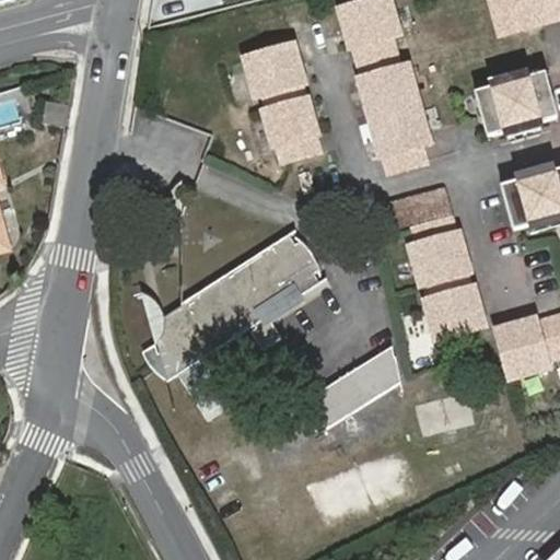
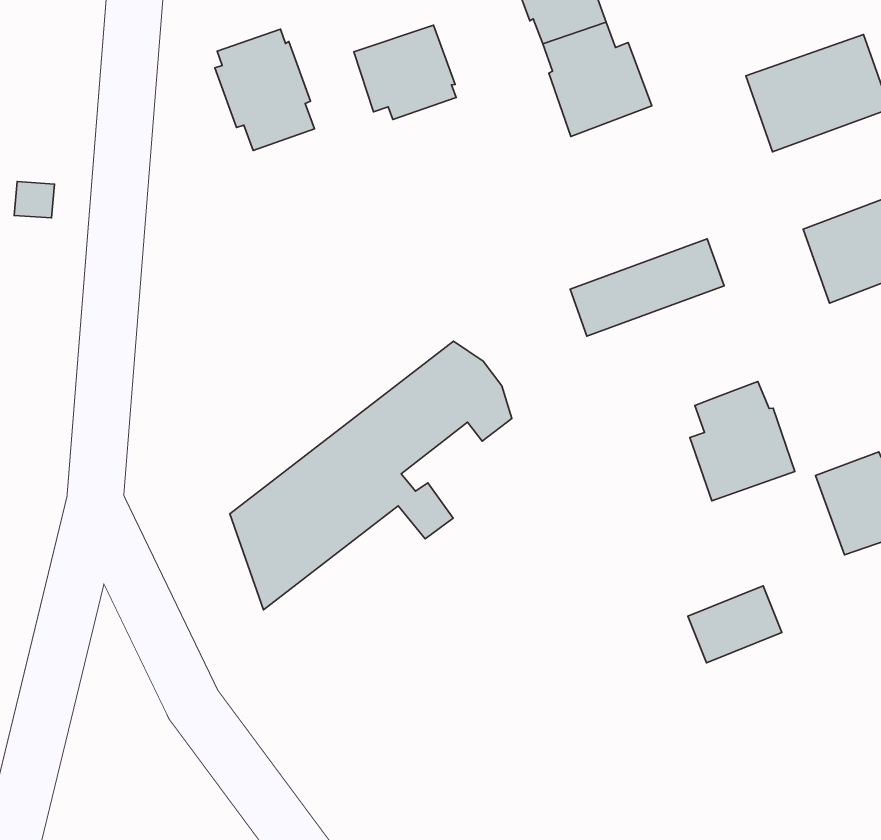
building: [264,89,319,159] -> [215,29,315,150]
building: [370,103,430,170] -> none
building: [411,217,471,283] -> none
building: [312,345,402,424] -> none

